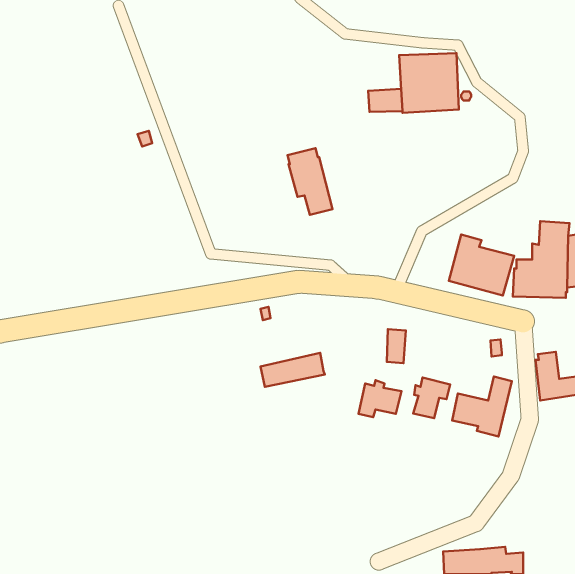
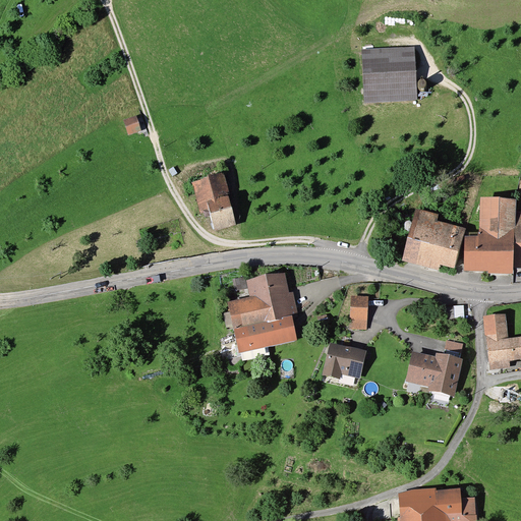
building: [368,89,402,112] -> none
building: [287,148,333,215] -> [193,168,234,228]
building: none -> [230,276,291,331]
building: [413,378,450,418] -> none

